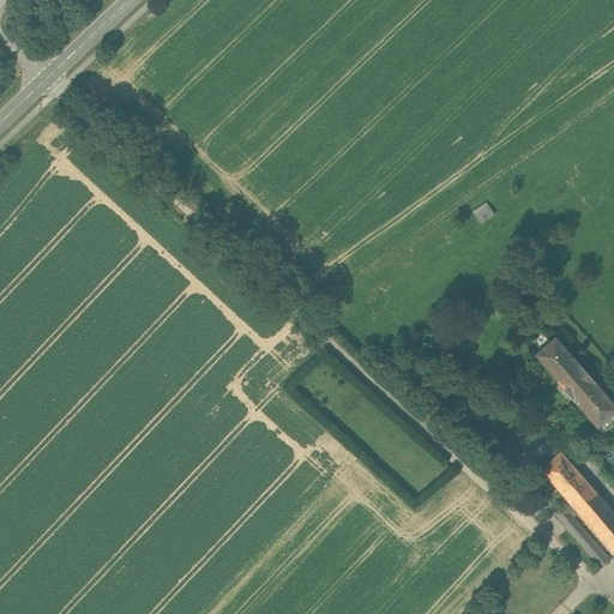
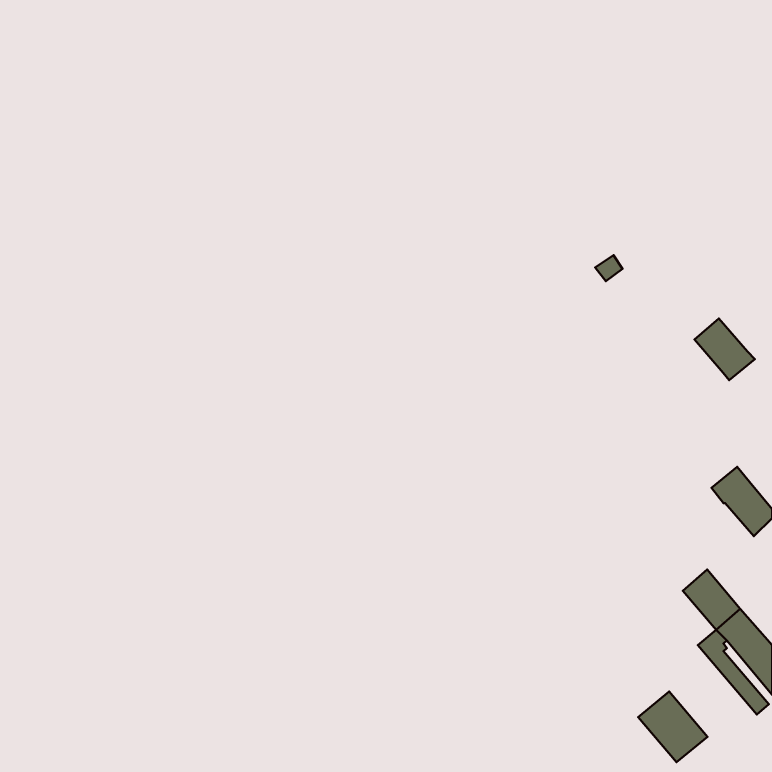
building: [537,338,585,387] -> [695,318,755,380]
building: none -> [638,692,708,762]

